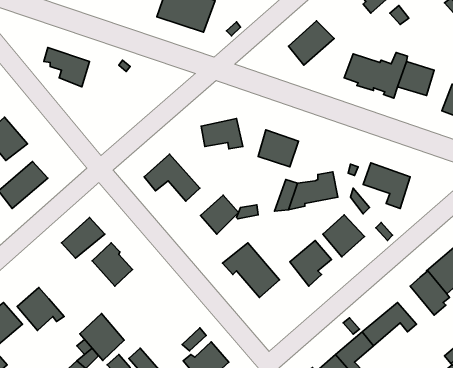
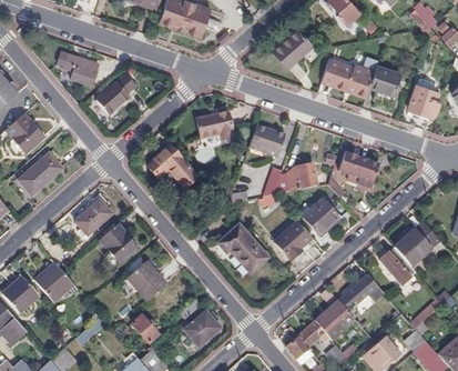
building: none -> [95,74,136,114]
building: [200,195,238,234] -> none
building: [80,314,124,361] -> [129,260,167,301]

